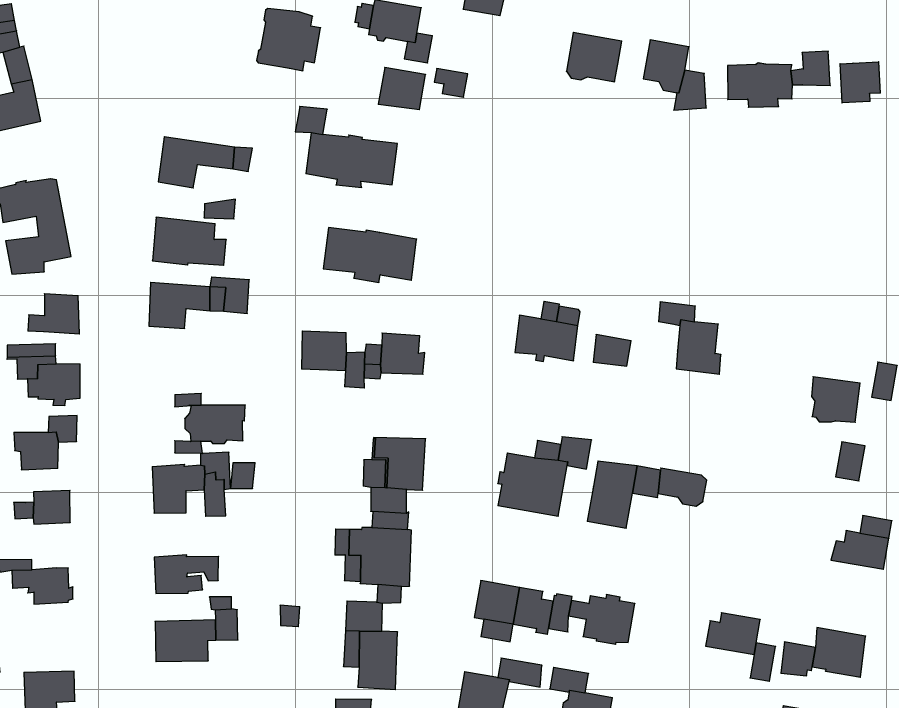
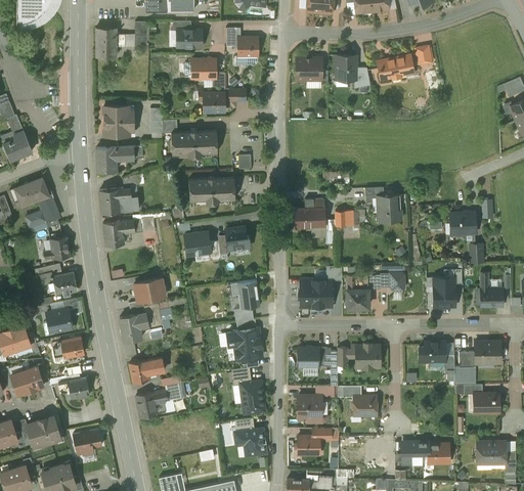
building: [257,8,321,71] -> [103,105,133,135]
building: [840,62,880,103] -> none
building: none -> [433,277,454,306]

